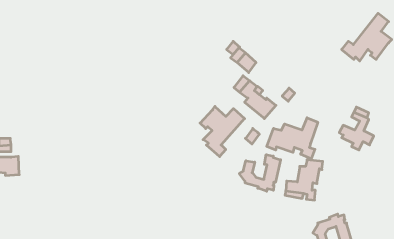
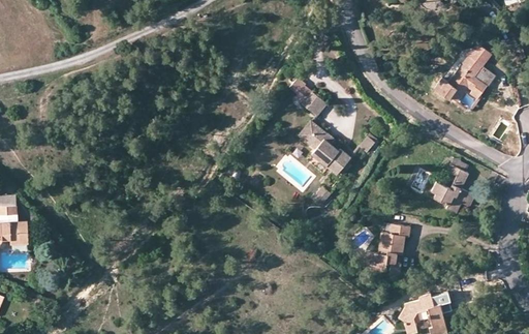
building: [200,106,245,157] -> none
building: [267,118,318,159] -> none
building: [239,155,281,191] -> none

